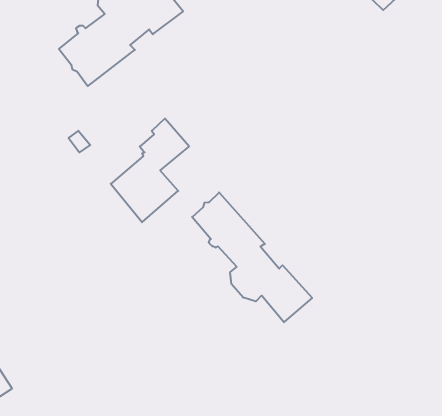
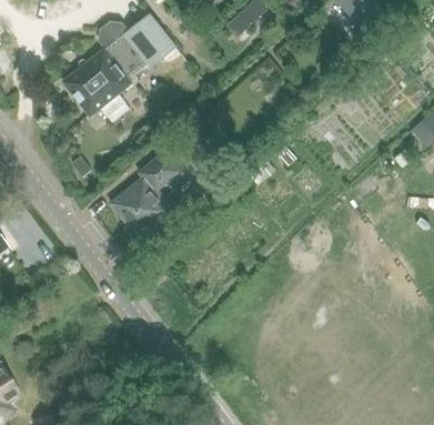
building: [192,192,312,322] -> none

